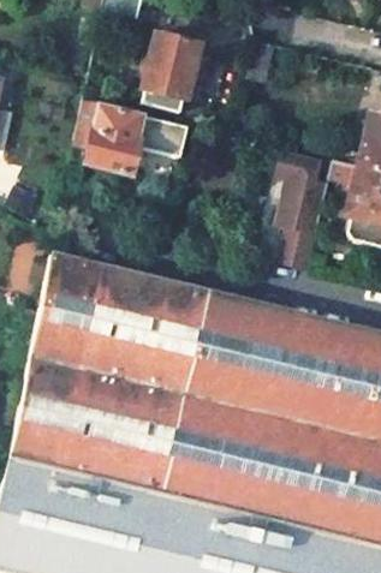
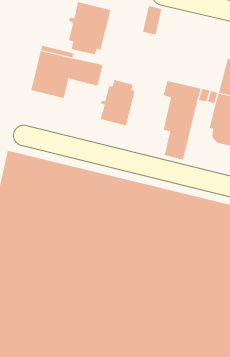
building: none -> [100,79,135,126]

